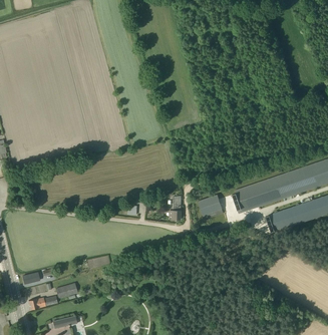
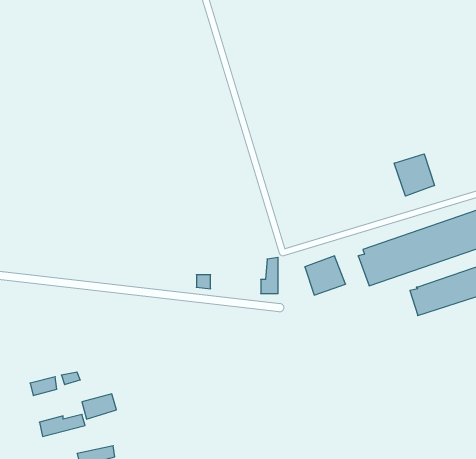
building: none -> [394,154,434,196]

